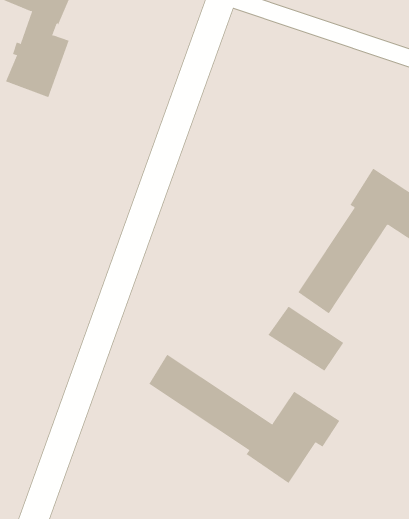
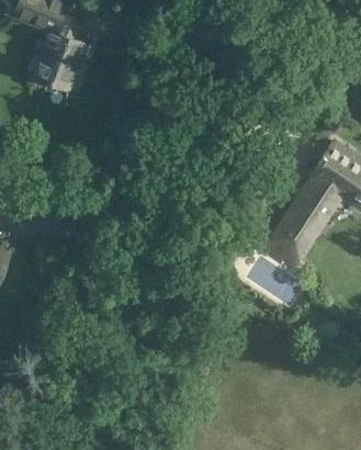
building: [148,354,340,484] -> none

